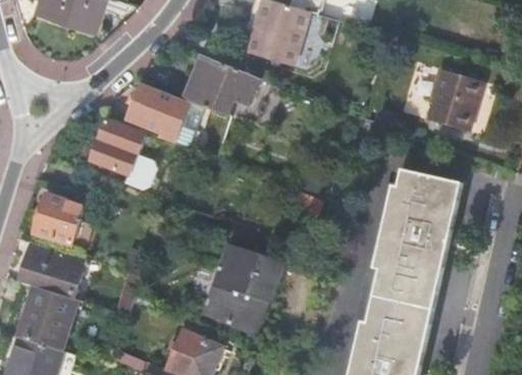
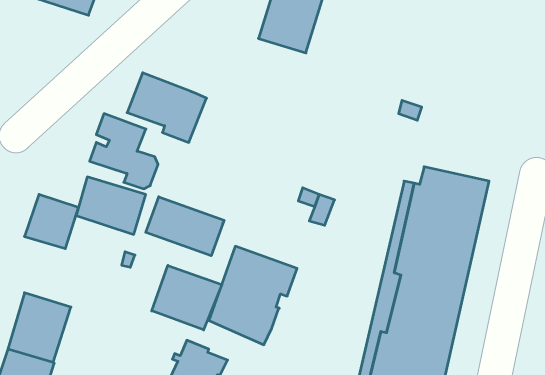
building: [188,56,261,115] -> none
building: [427,69,482,131] -> none
building: none -> [146,197,224,256]
building: [21,244,86,297] -> [76,177,146,234]
building: none -> [152,265,222,330]

